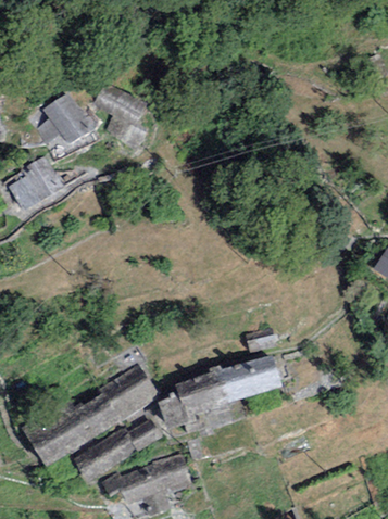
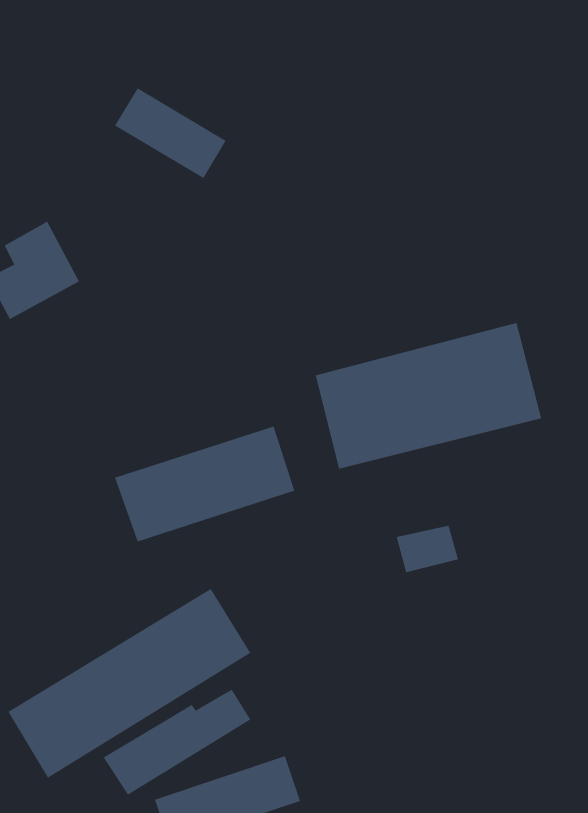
building: [32,92,95,154] -> none
building: none -> [315,322,542,470]
building: [178,358,281,425] -> [114,426,295,542]

